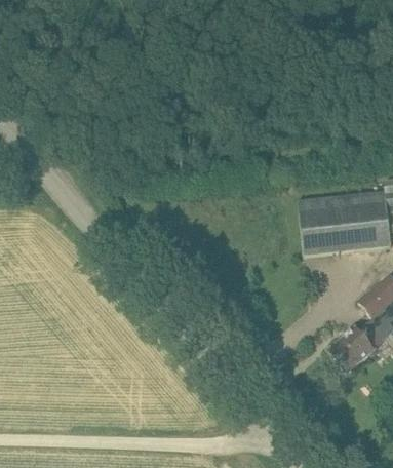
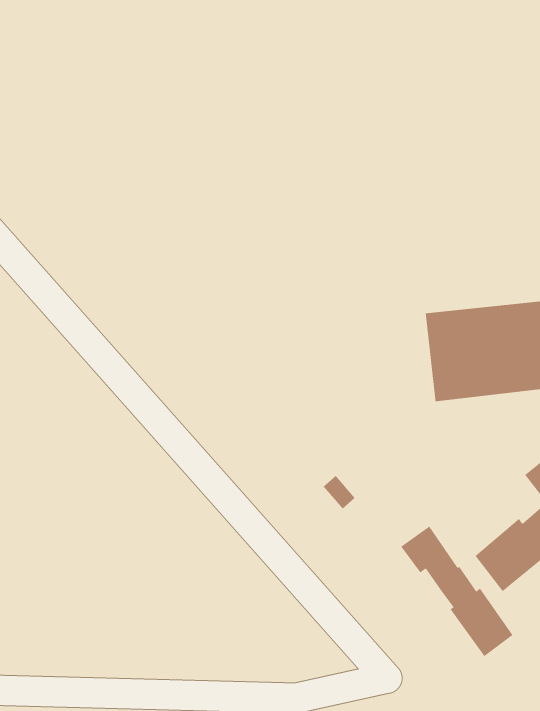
building: none -> [400,526,513,657]

